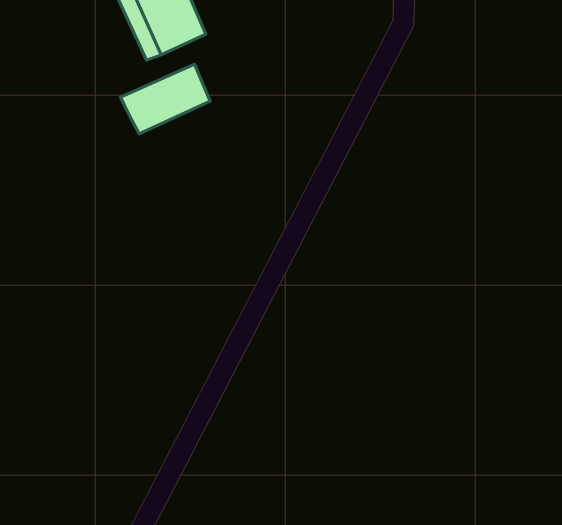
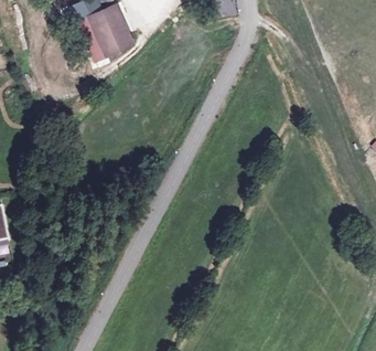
building: [121,64,210,134] -> none

